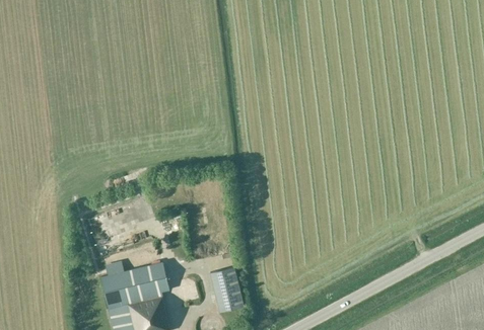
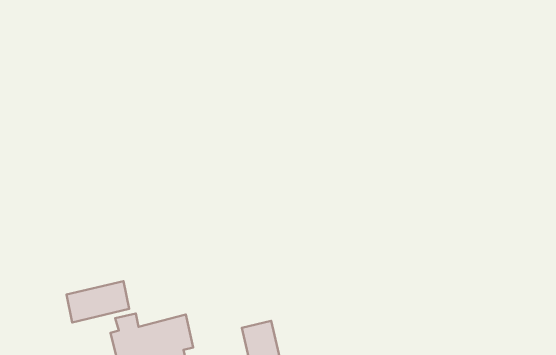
building: none -> [66,281,129,322]

